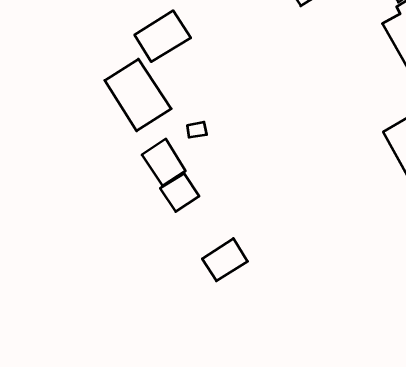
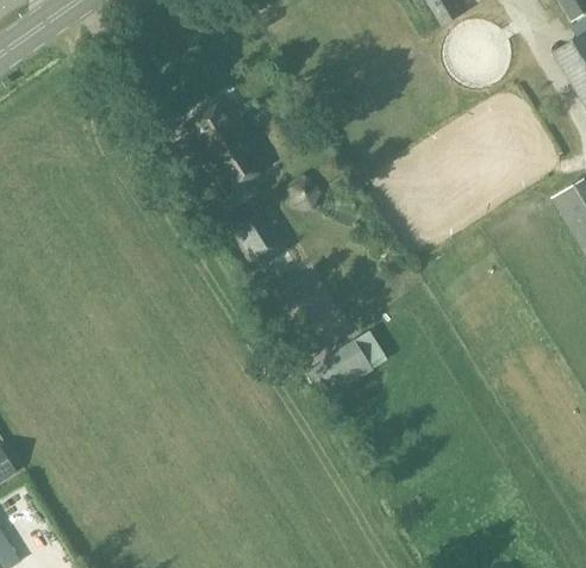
building: [135,11,191,62] -> none
building: [160,173,199,212] -> none

